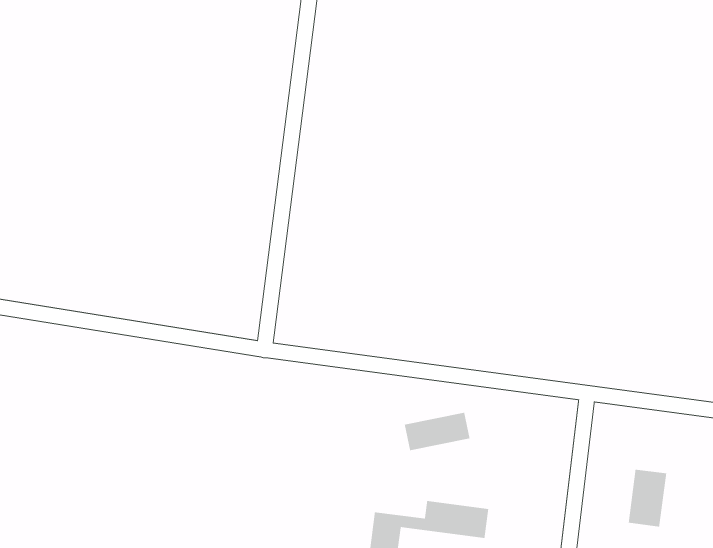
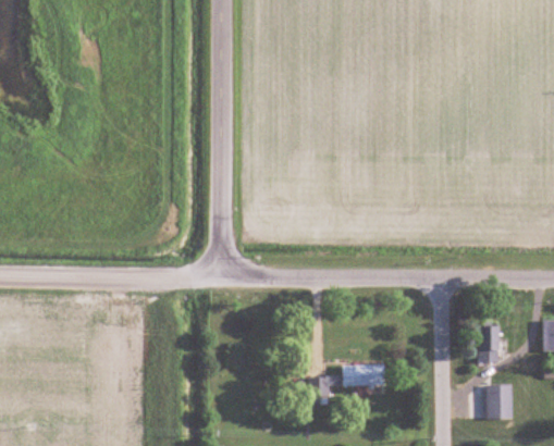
building: [404,412,470,451] -> none

